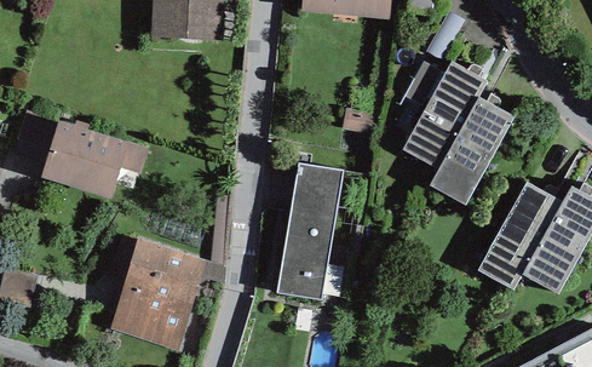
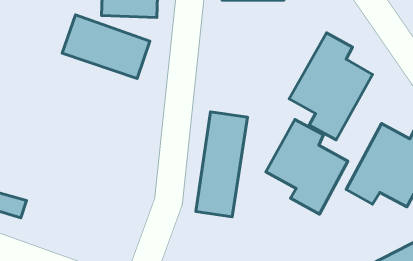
building: [19,116,137,201] -> [62,15,150,78]
building: none -> [266,119,348,214]
building: [114,240,208,349] -> none

